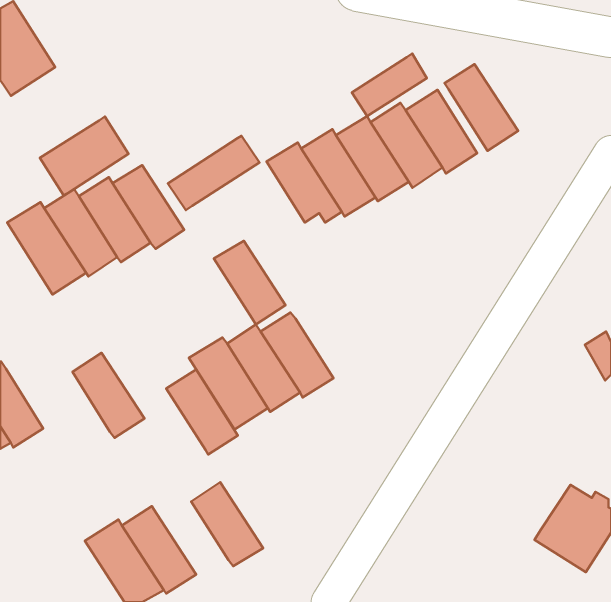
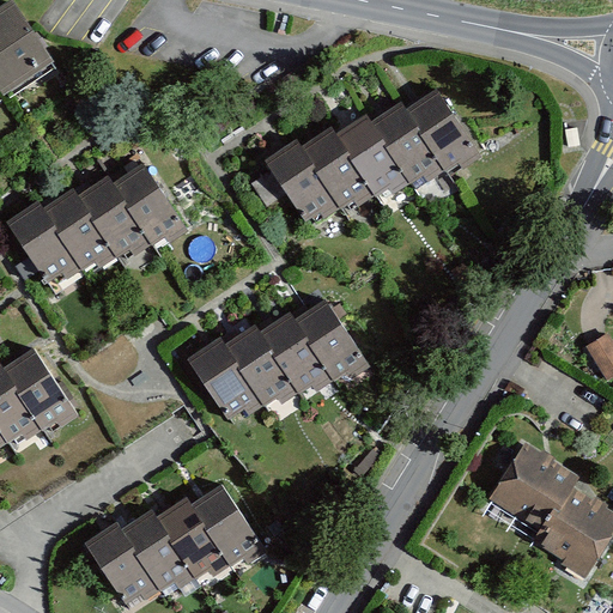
building: [352,54,427,116] -> none
building: [444,64,518,151] -> none
building: [40,117,128,195] -> none
building: [168,136,260,210] -> none
building: [214,241,286,324] -> [296,301,368,384]
building: [73,353,144,438] -> [6,350,78,435]
building: [166,370,238,454] -> [157,494,229,579]
building: none -> [491,443,577,530]

